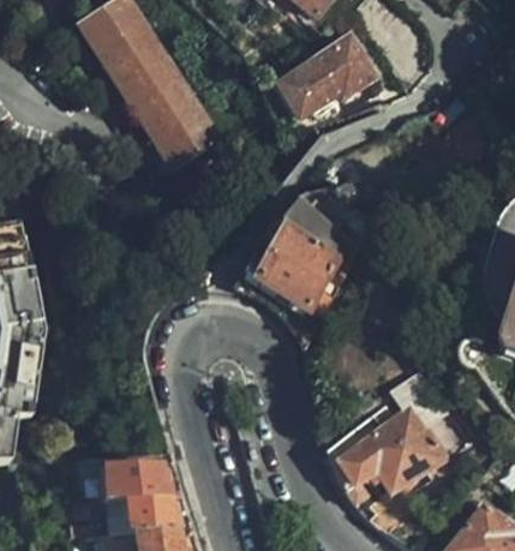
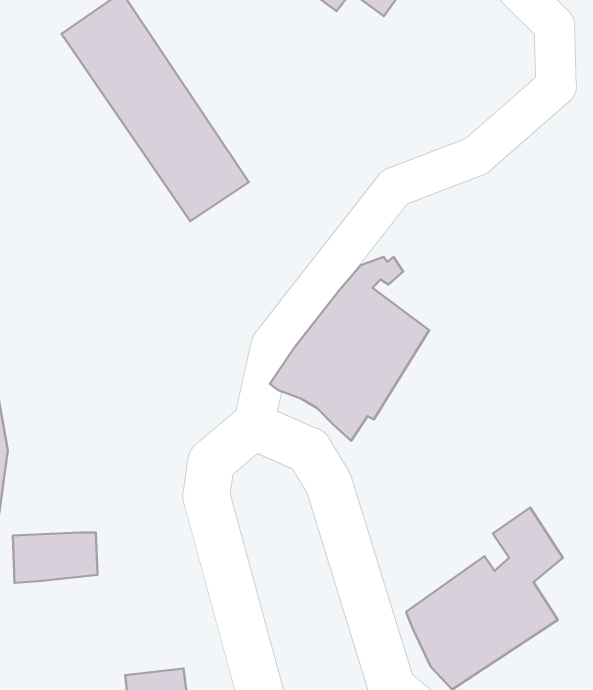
building: [279,34,376,114] -> none
building: [108,462,170,499] -> [13,532,98,583]

